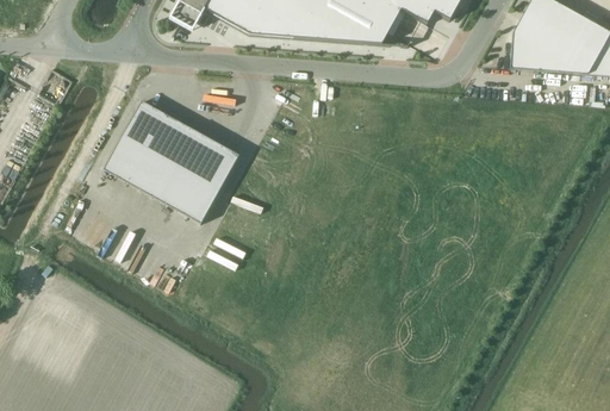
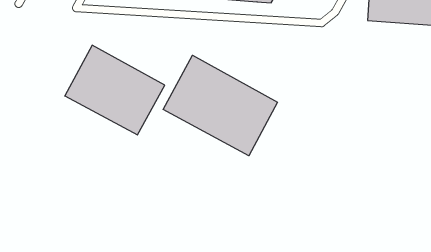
building: none -> [163,55,277,156]

